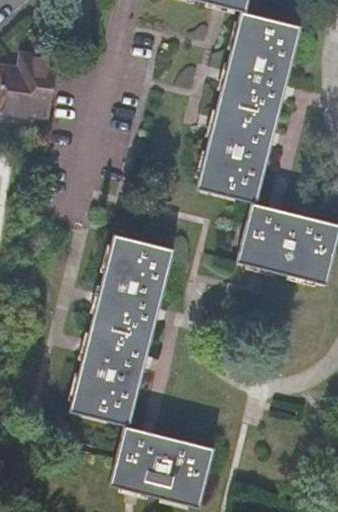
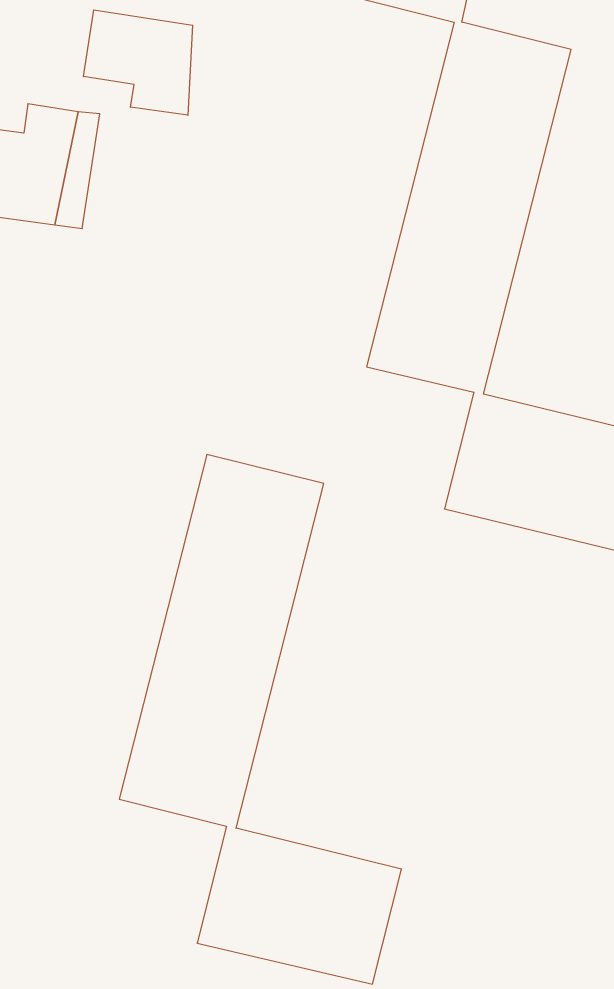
building: none -> [84,10,193,115]

